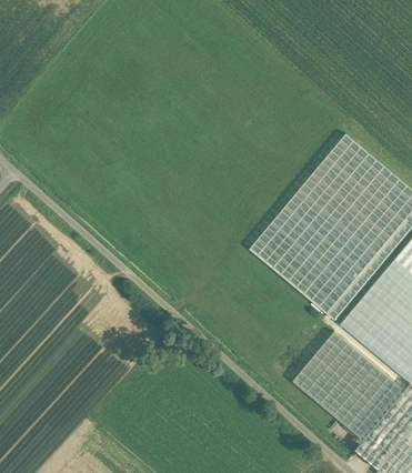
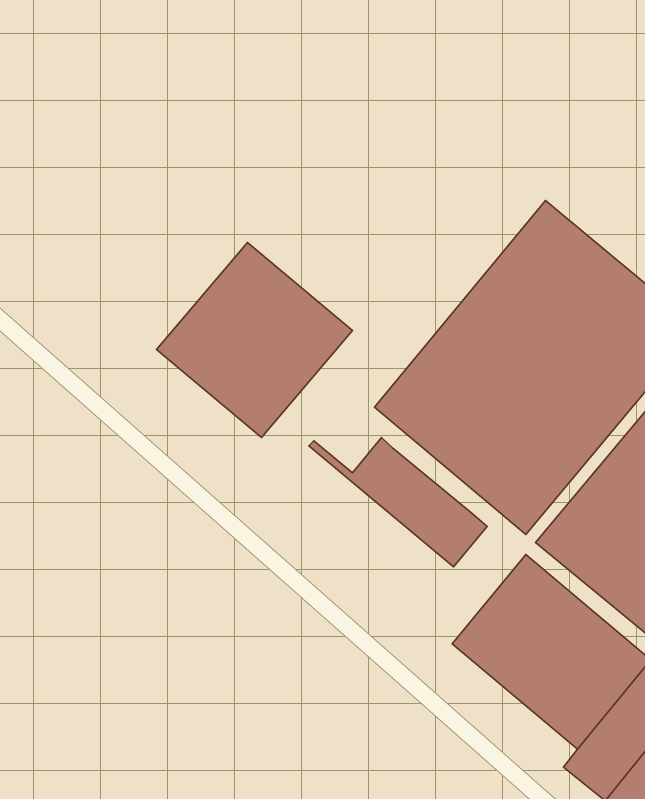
building: none -> [156,243,352,437]
building: none -> [309,437,487,567]

